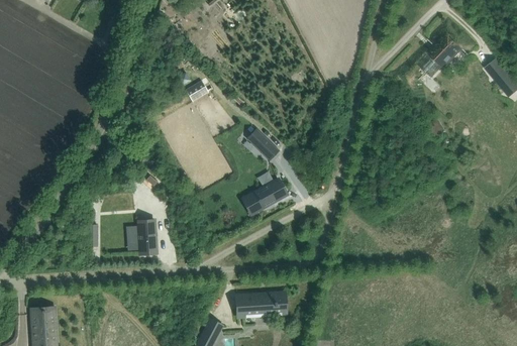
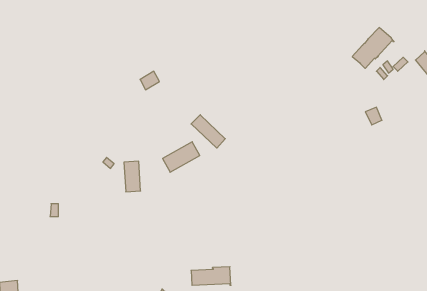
building: [245,180,286,213] -> [163,142,200,172]
building: [138,221,157,254] -> [124,161,141,192]

